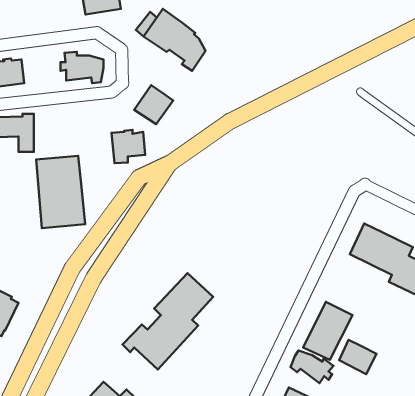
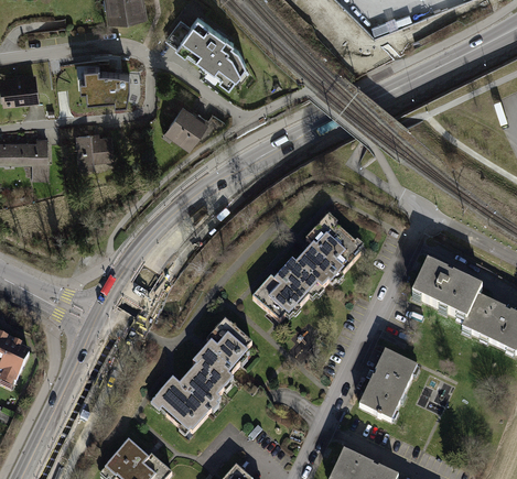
building: [112,130,145,163] -> [75,131,114,170]
building: [36,156,85,228] -> none
building: none -> [251,213,367,322]
building: [339,340,376,374] -> none
building: [291,350,333,383] -> none

